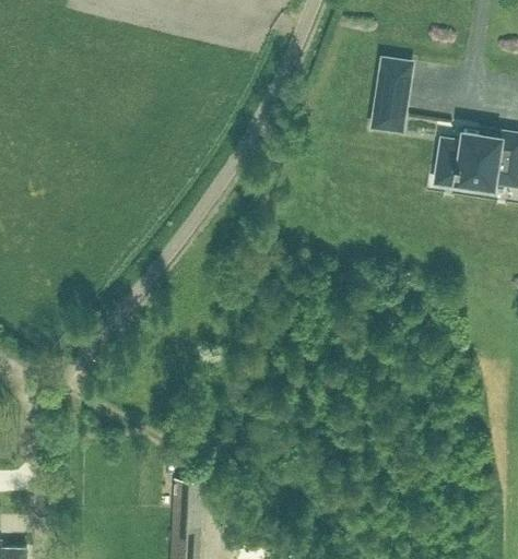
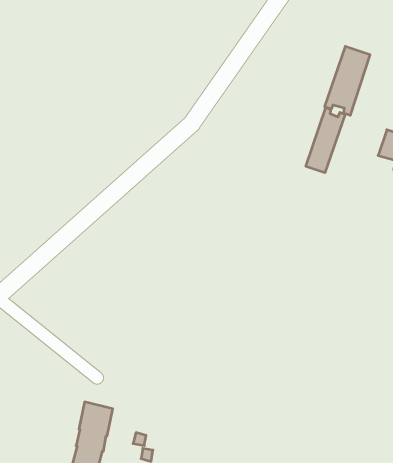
building: none -> [306,107,345,173]

